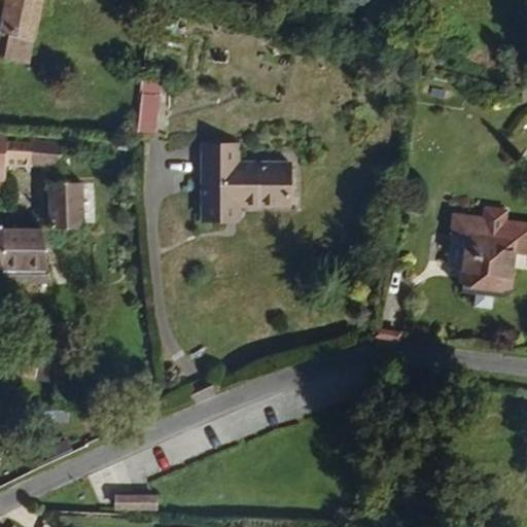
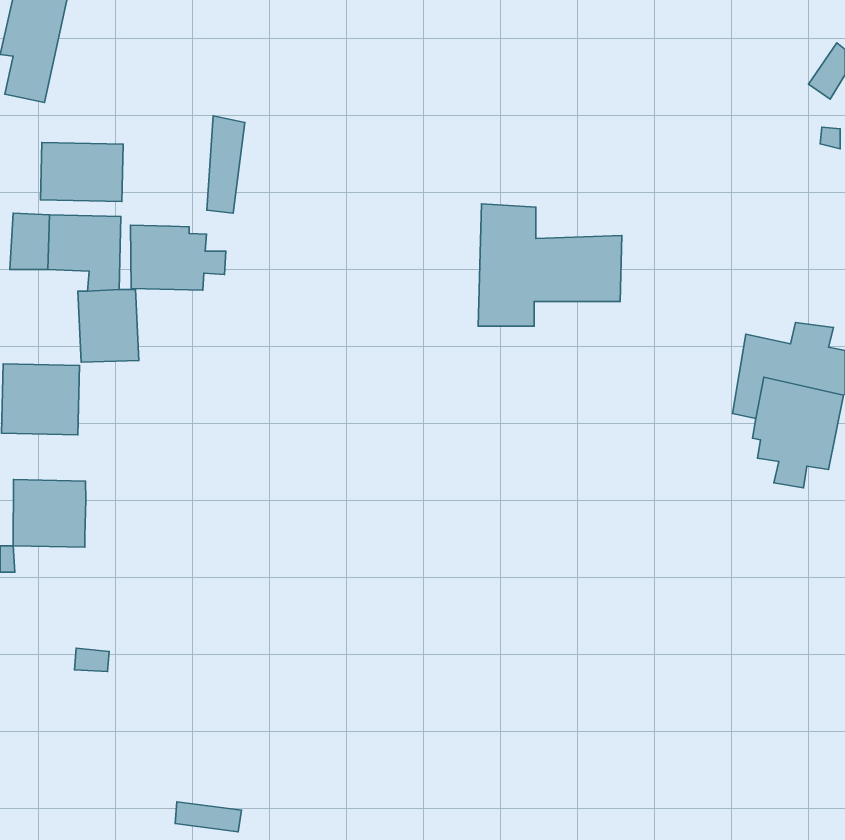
building: none -> [41,142,123,202]
building: none -> [131,225,226,290]
building: [190,145,280,221] -> [478,204,622,326]
building: none -> [13,480,86,547]

